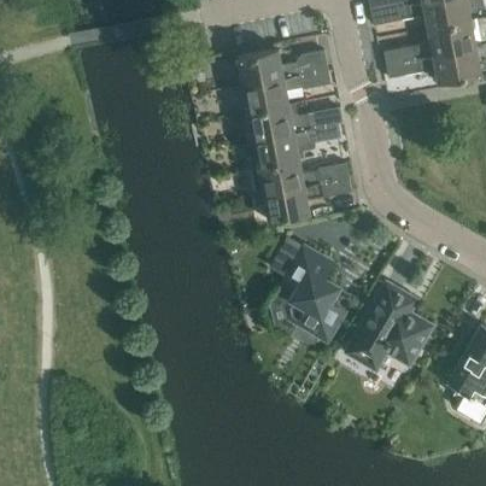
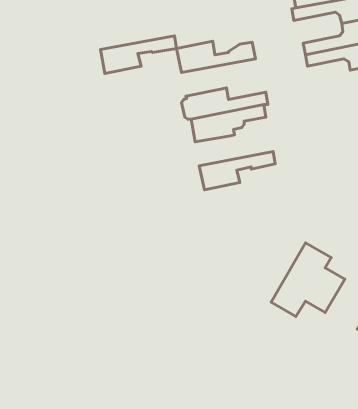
building: [244,70,332,113] -> [101,36,176,73]
building: [253,159,350,194] -> none
building: [270,239,344,338] -> none

